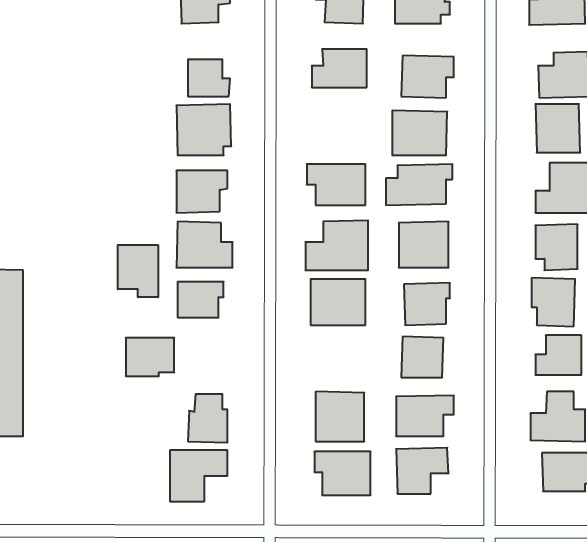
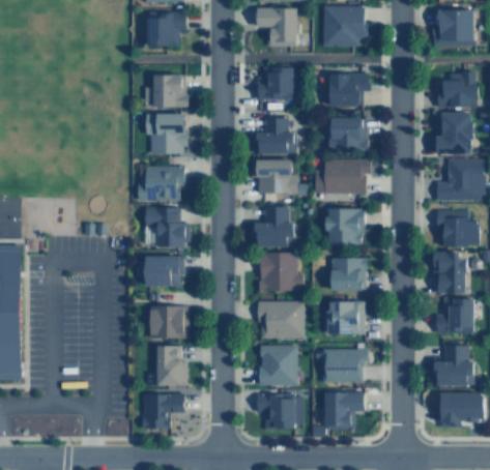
building: none -> [252,117,294,152]
building: [118,245,158,297] -> none
building: none -> [257,300,305,337]
building: [126,338,174,376] -> [150,306,190,337]

